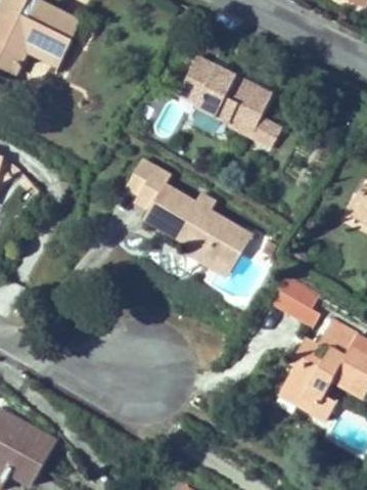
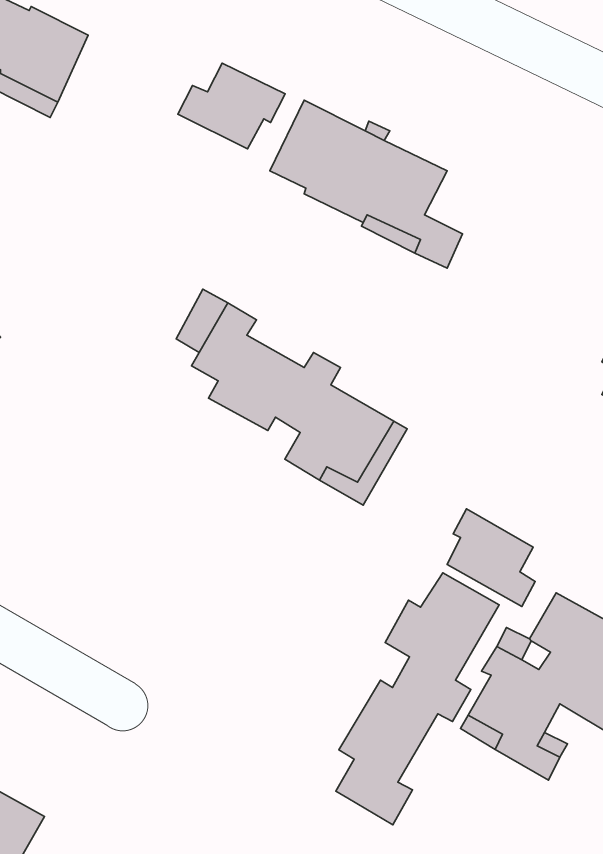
building: none -> [178,63,285,149]
building: none -> [336,573,499,825]

